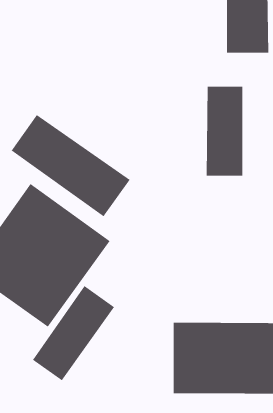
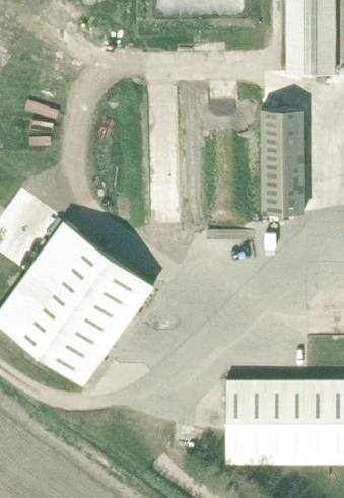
building: [11,114,131,217] -> none
building: [32,285,115,381] -> none

